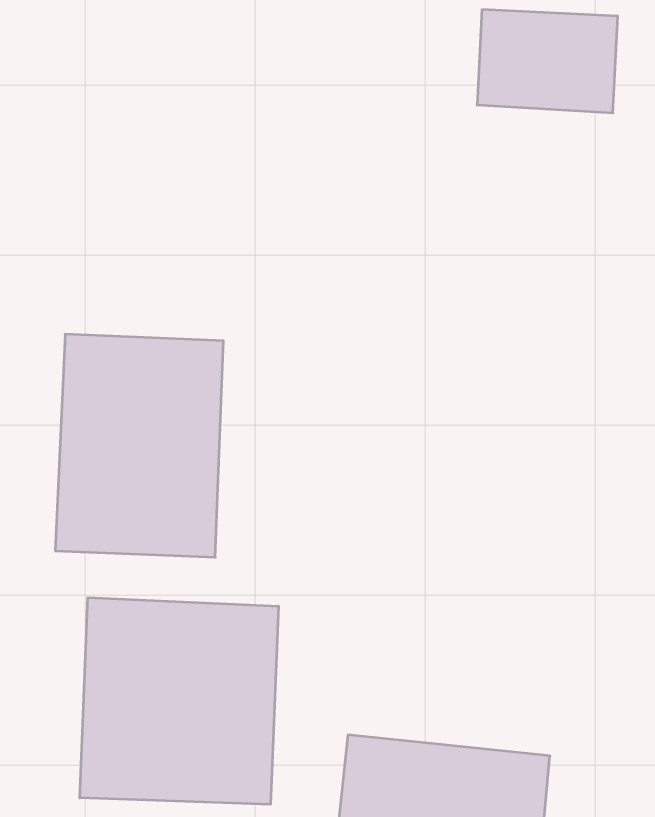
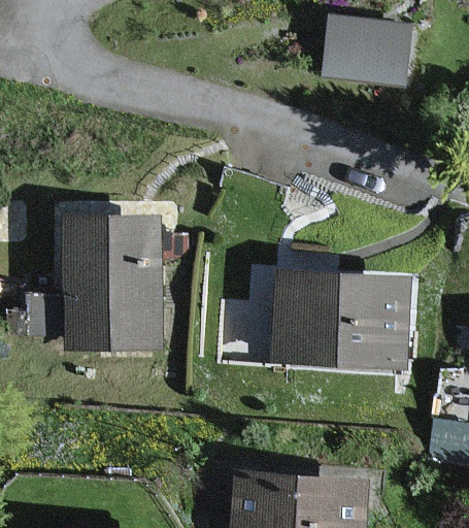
building: none -> [266,273,406,372]
building: [80,598,278,804] -> none

